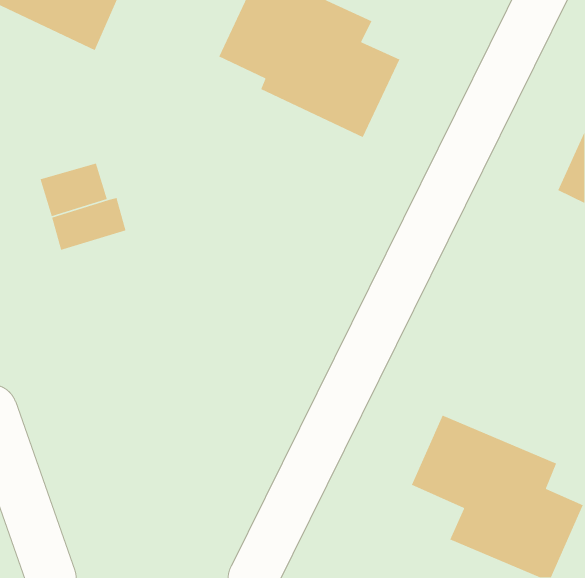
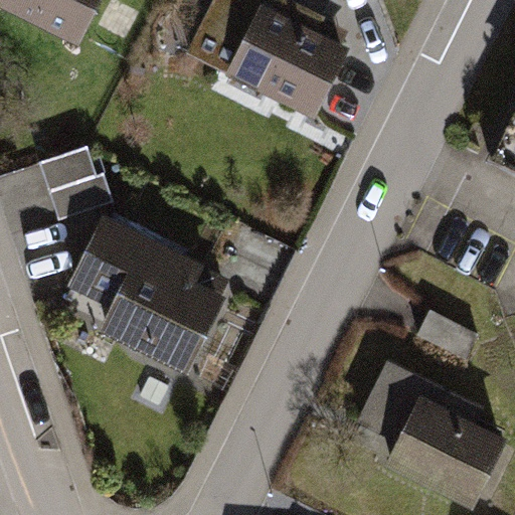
building: none -> [67,216,219,373]

